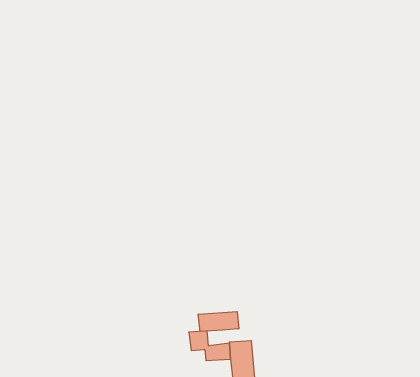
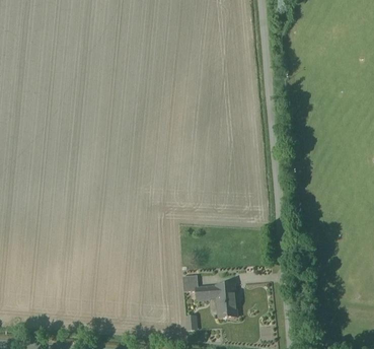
building: [198,312,239,331] -> none

